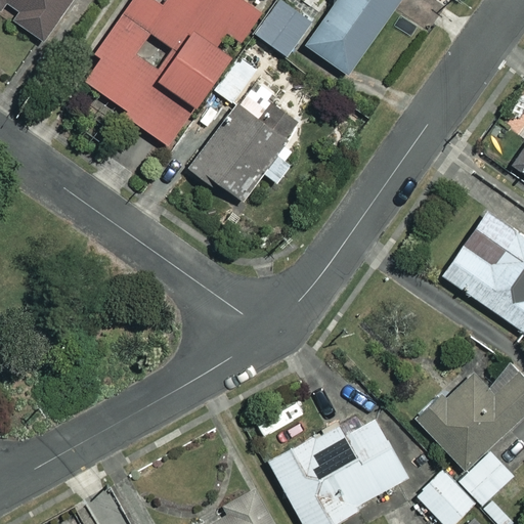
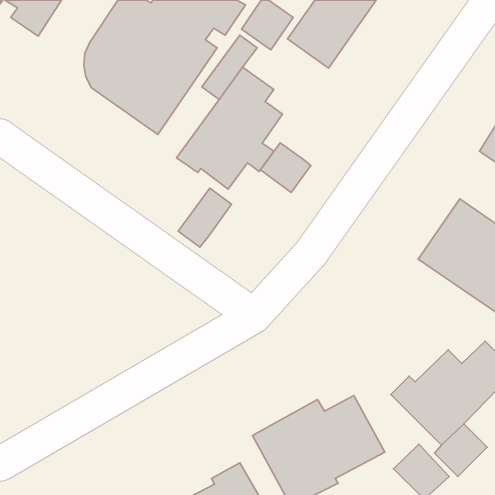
building: none -> [260,143,311,192]
building: none -> [178,188,232,247]

